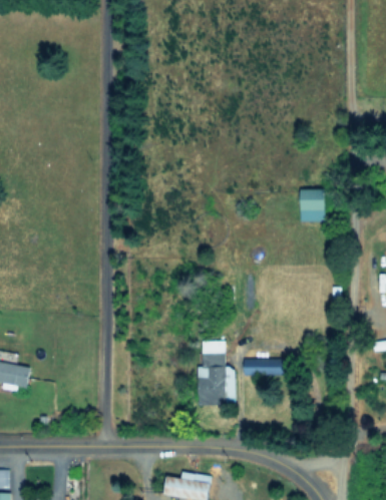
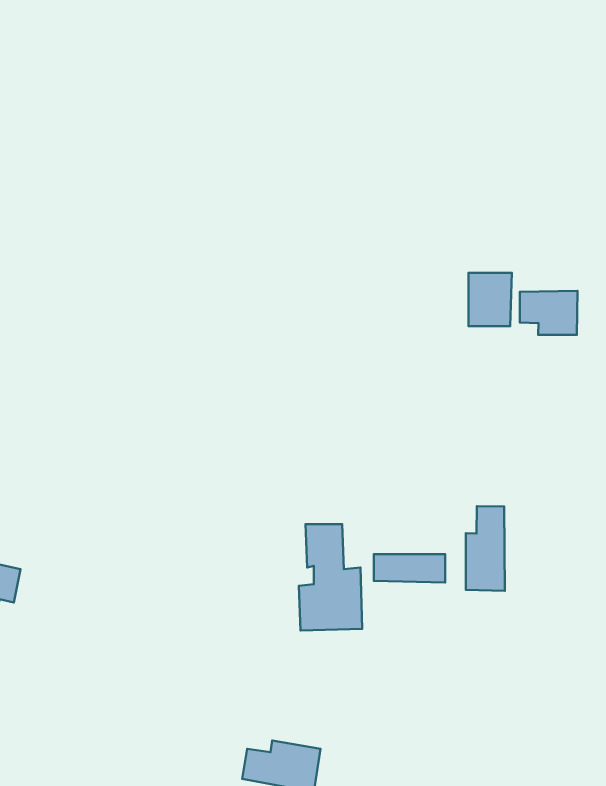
building: none -> [520,291,578,335]
building: none -> [466,506,505,591]

